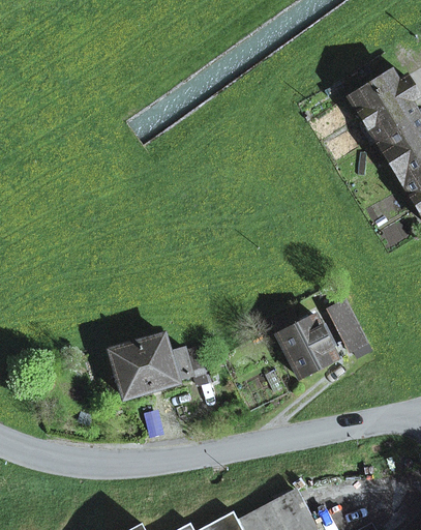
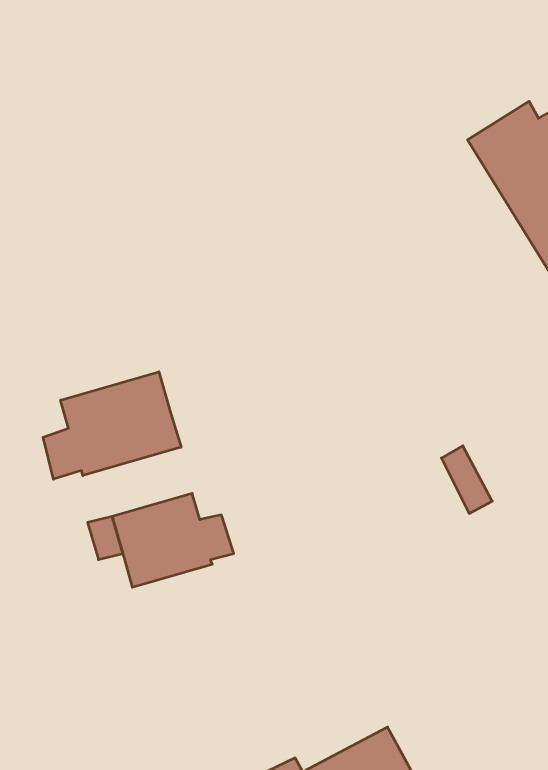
building: none -> [43,372,181,479]
building: [276,316,336,379] -> none

